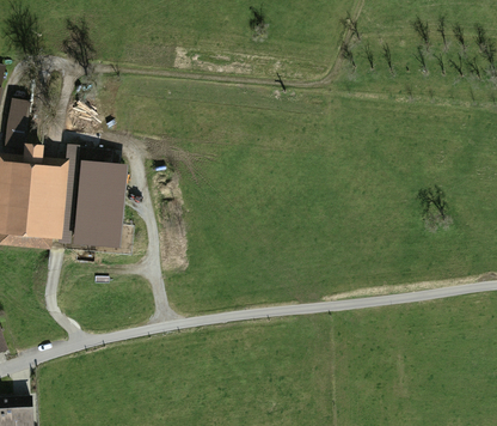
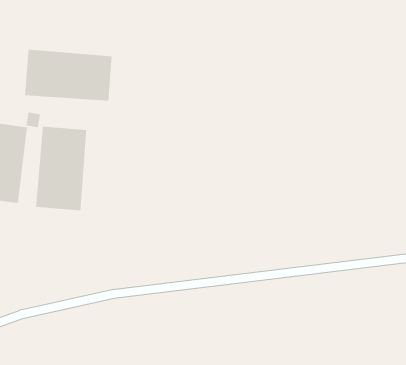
building: none -> [24,49,112,101]

